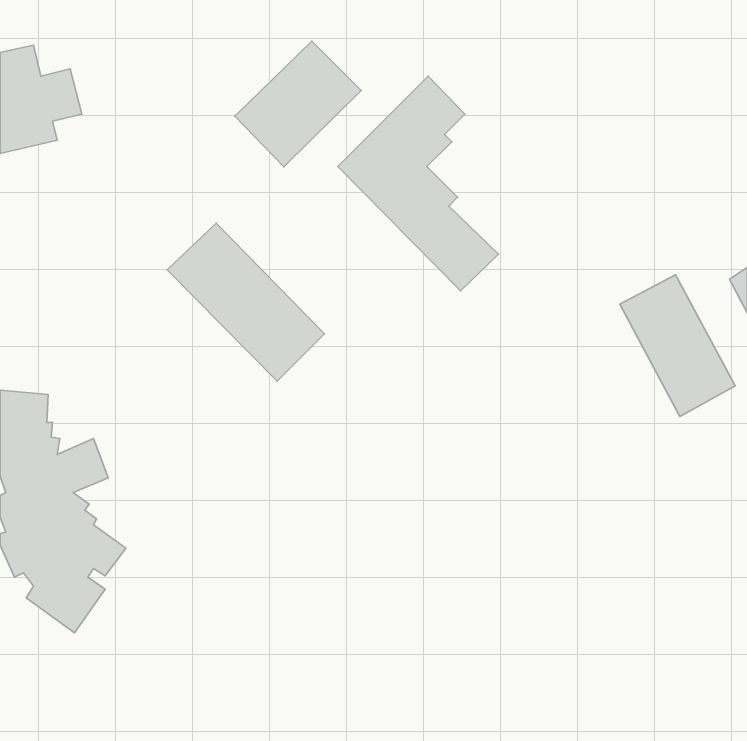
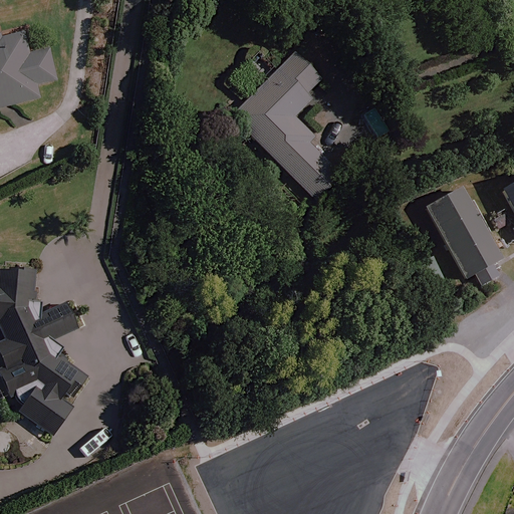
building: [235,41,361,167] -> none
building: [167,223,325,381] -> none

